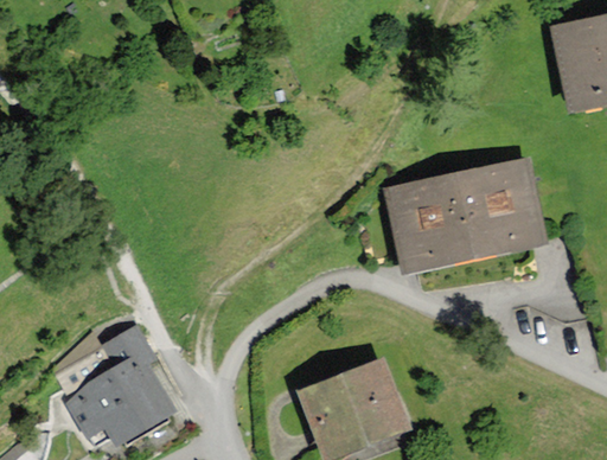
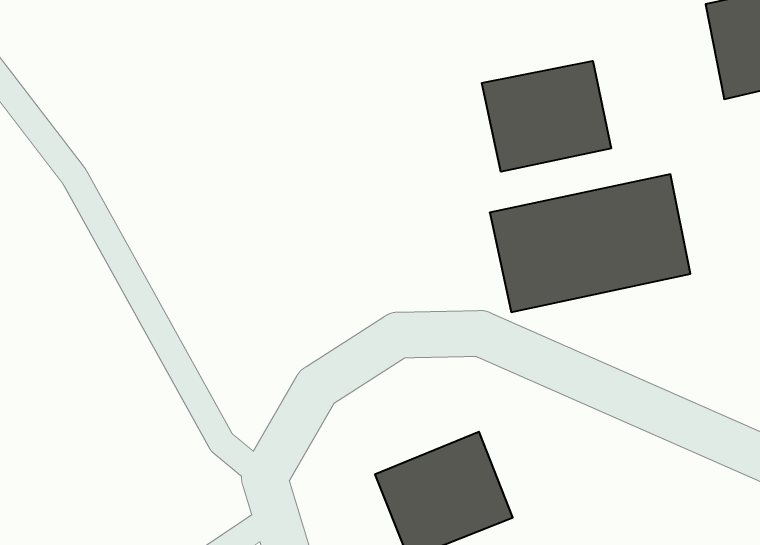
building: none -> [482,61,611,172]
building: [69,333,174,443] -> none

